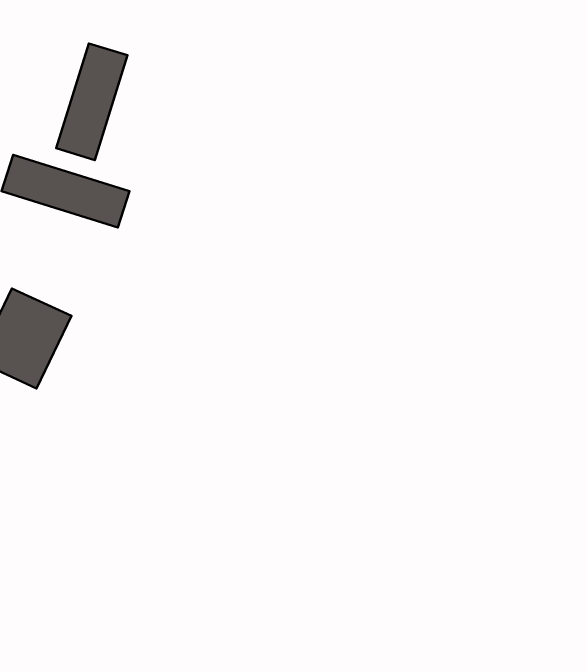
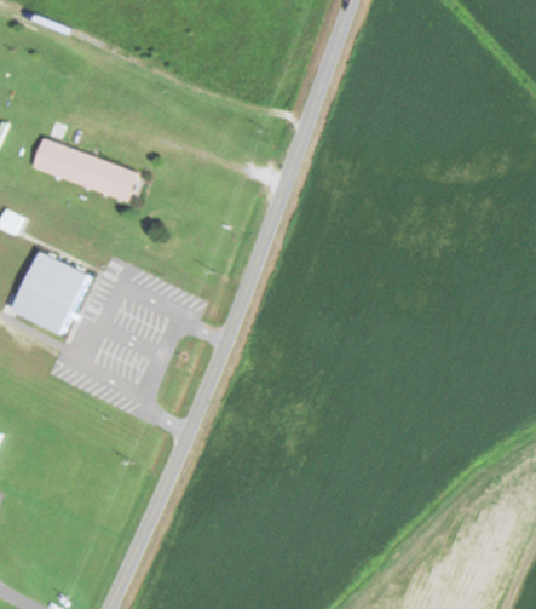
building: [56,43,128,160] -> none

